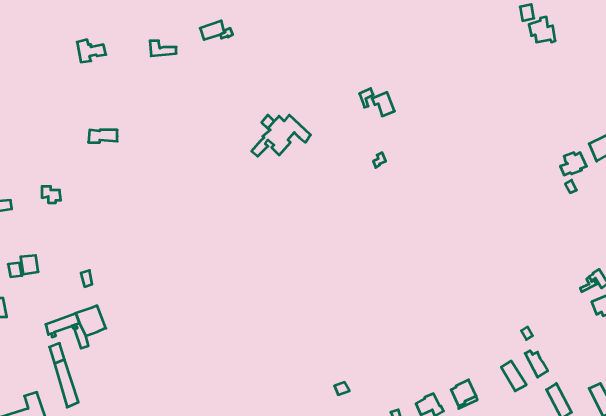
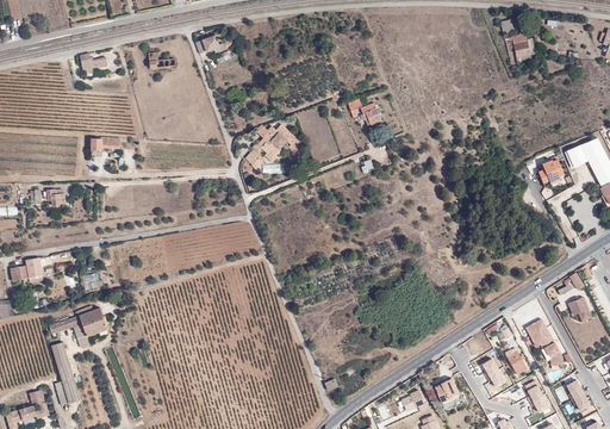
building: none -> [525,318,562,365]

